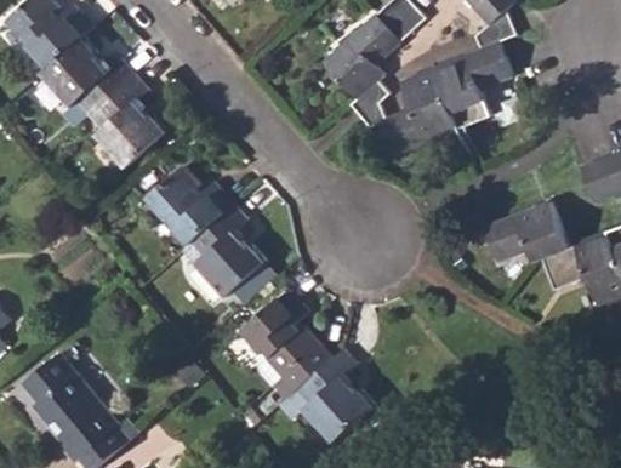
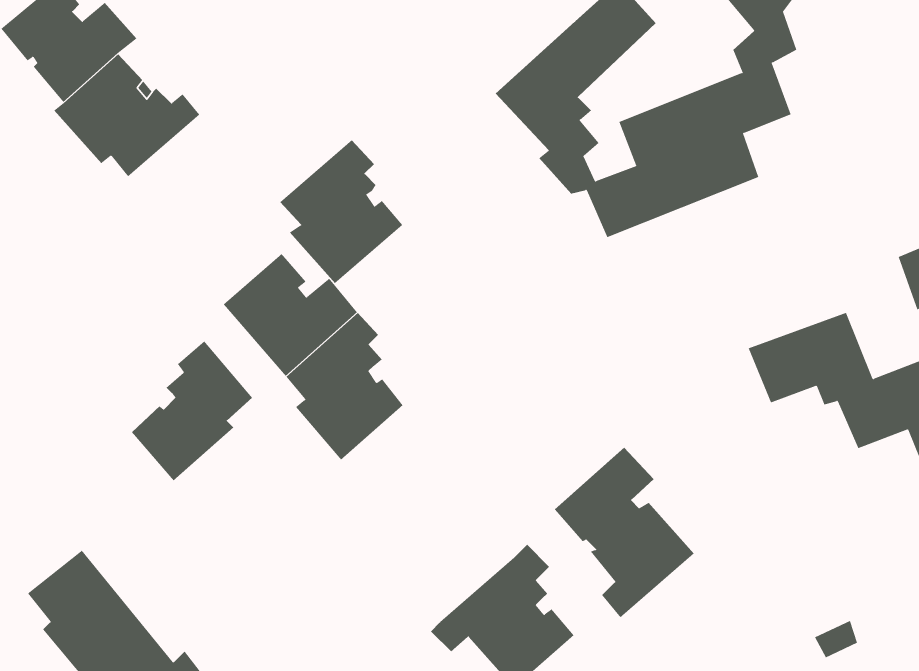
building: [86,76,165,169] -> [280,139,403,284]
building: none -> [131,341,253,481]
building: [243,291,332,400] -> [554,447,694,618]

